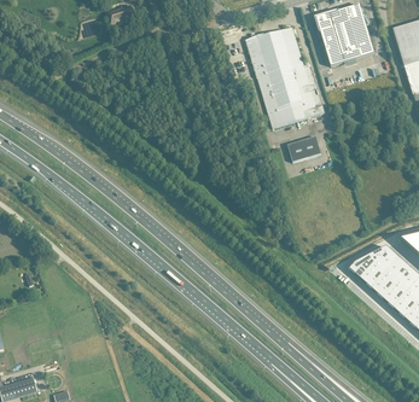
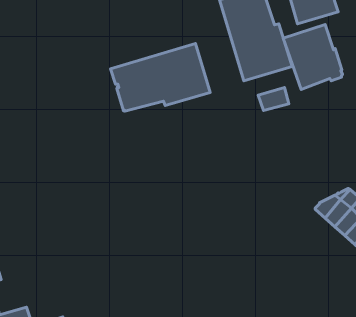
building: none -> [283,24,342,89]
building: none -> [111,44,210,111]

